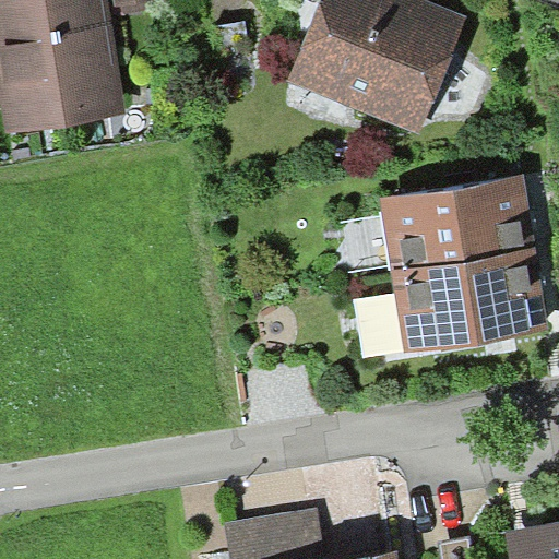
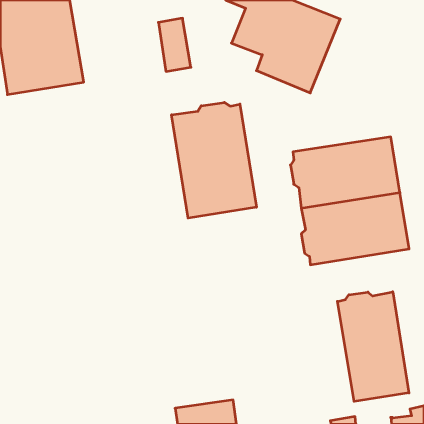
building: none -> [172,102,256,218]
building: none -> [337,292,409,401]

